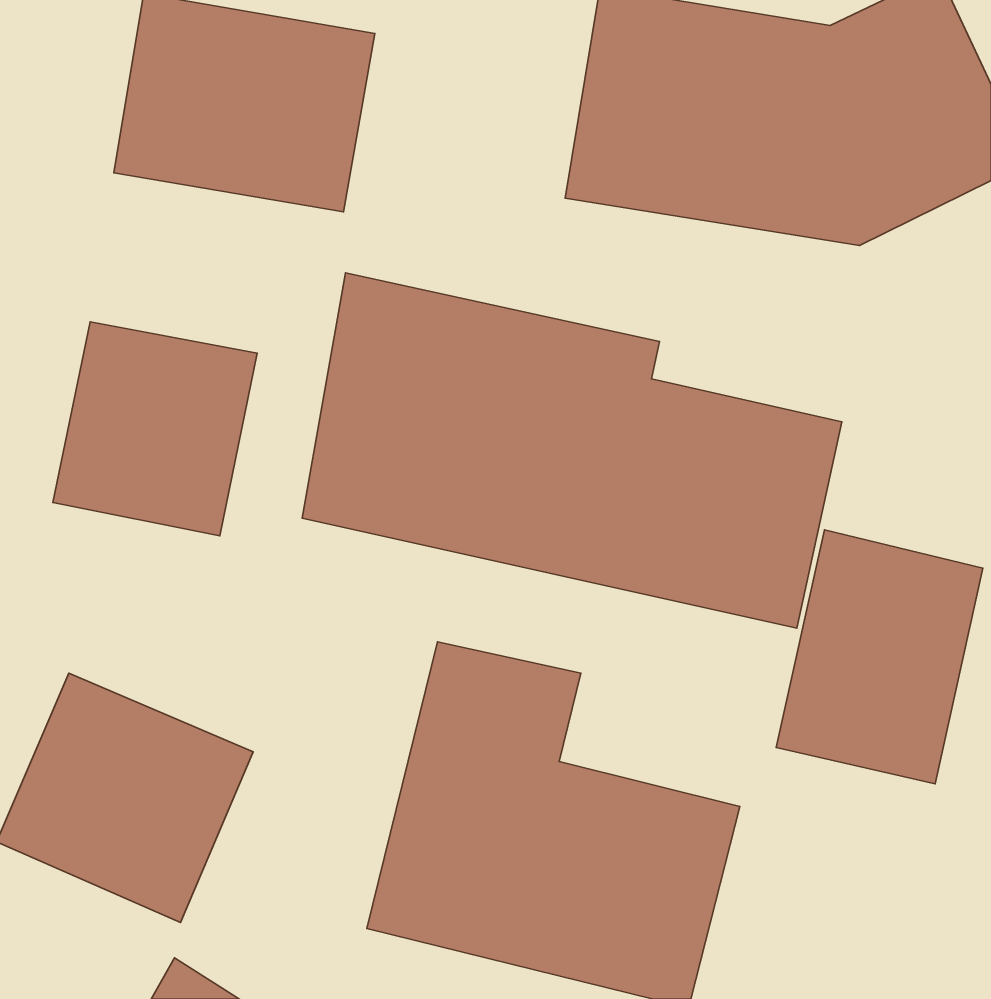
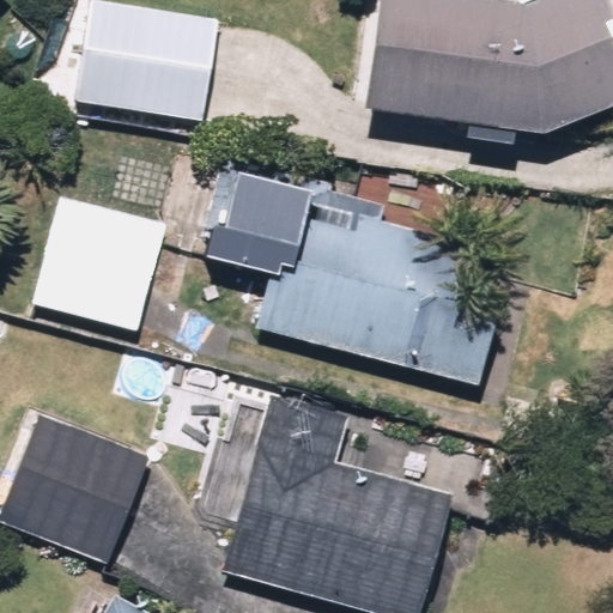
building: [776,530,983,784] -> none

